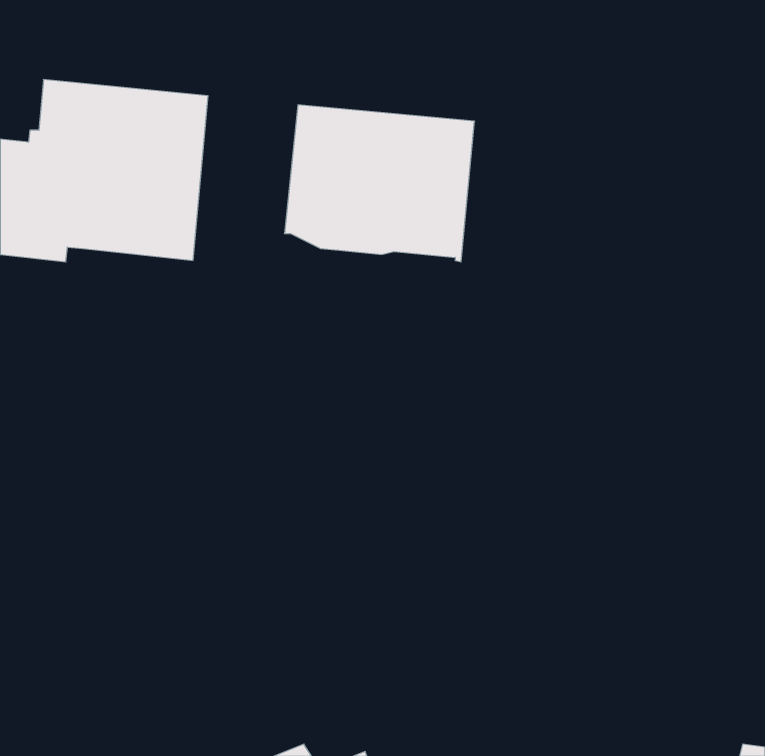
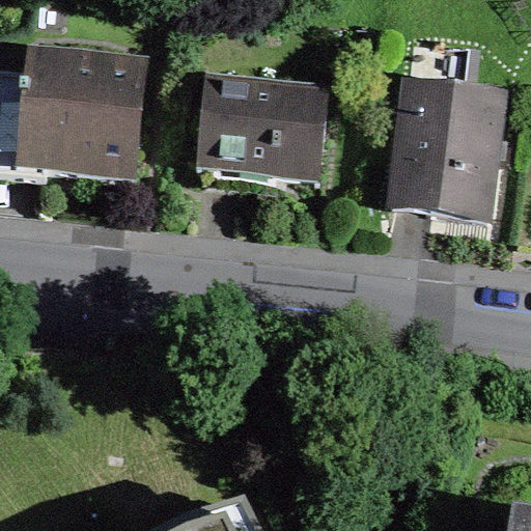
building: none -> [392,39,502,219]

